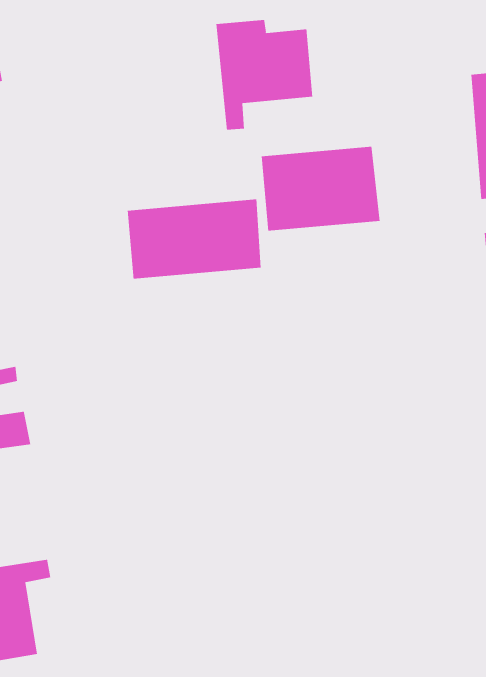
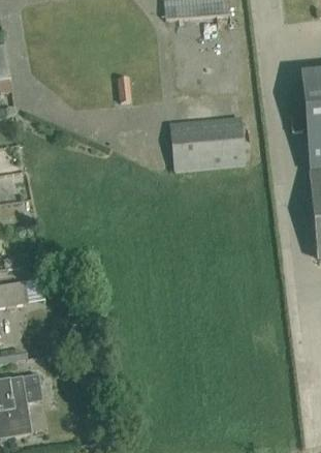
building: [216,19,313,130] -> none
building: [127,199,261,279] -> none

